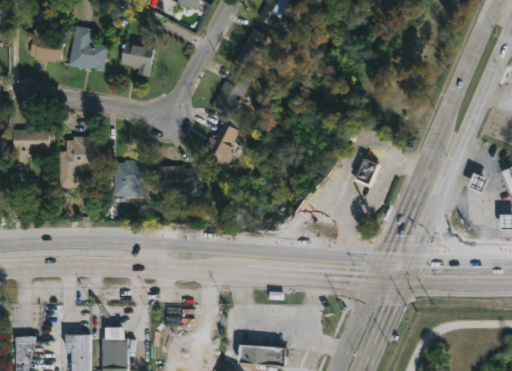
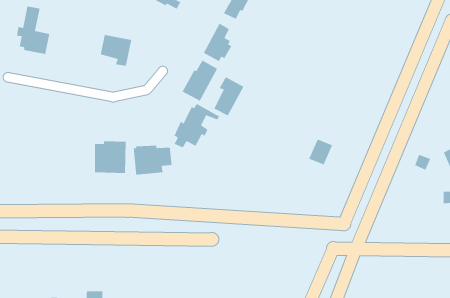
building: [67,26,108,73] -> none
building: none -> [213,76,245,116]
building: [15,130,52,168] -> none
building: [59,137,102,189] -> none

